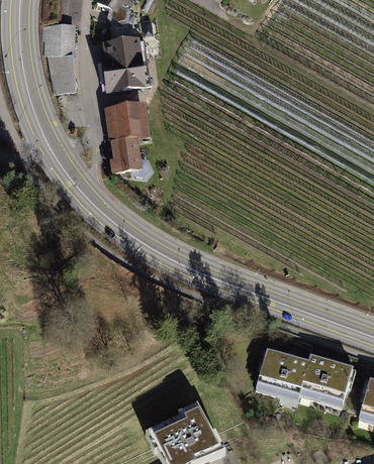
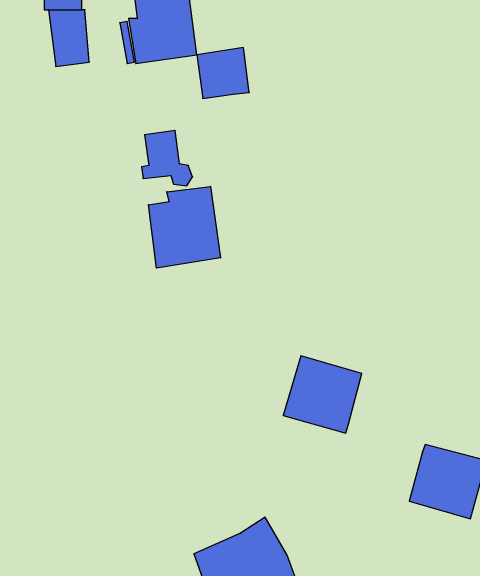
building: [111,105,148,140] -> [197,48,249,98]
building: none -> [148,186,221,268]
building: [254,348,308,401] -> [283,356,362,433]

